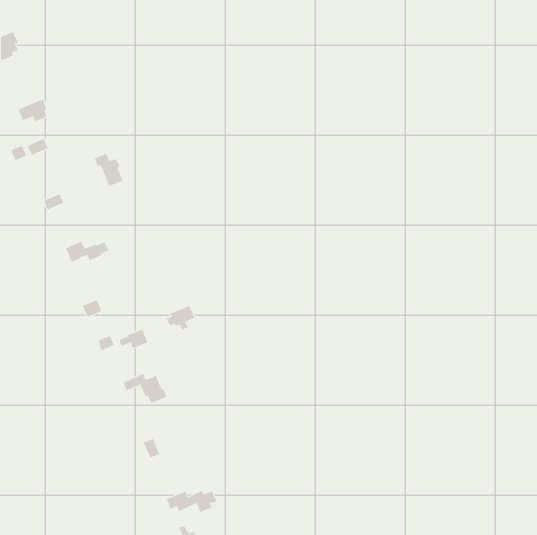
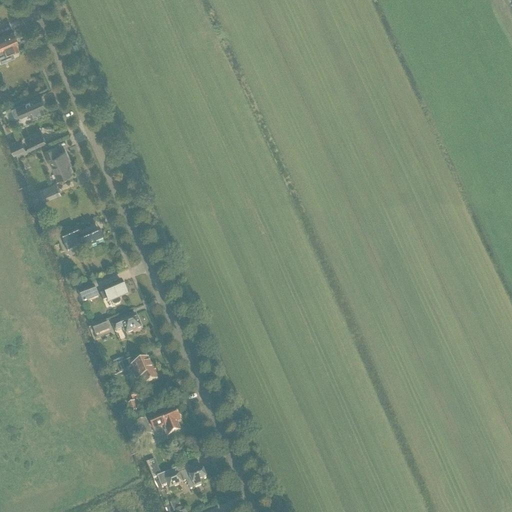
building: [94,153,124,187] -> [44,145,72,177]
building: [166,305,195,330] -> [99,280,127,304]
building: none -> [150,408,181,434]

